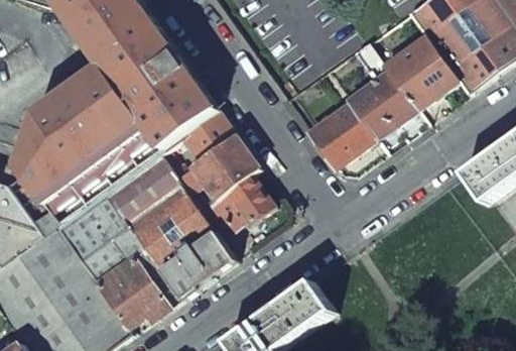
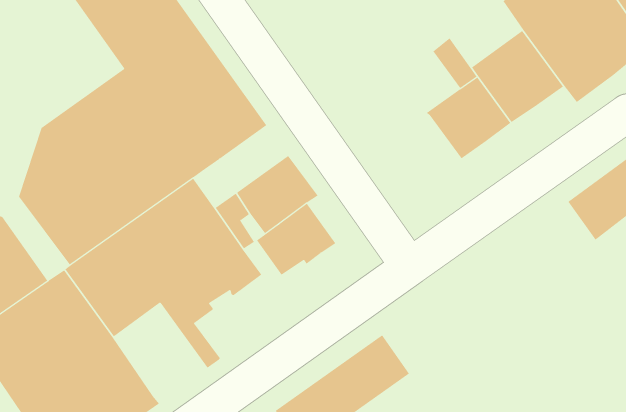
building: [307,103,374,167] -> none
building: [165,111,235,162] -> none
building: [159,231,234,299] -> none
building: [94,254,169,329] -> none

